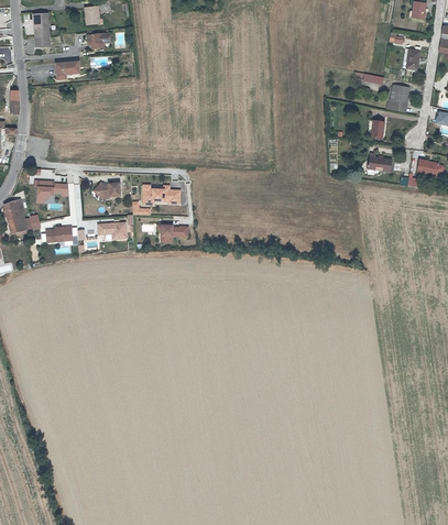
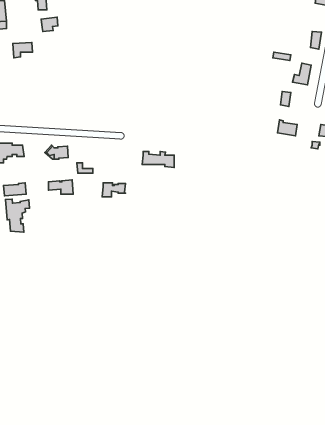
building: [142,185,179,204] -> [142,151,174,167]
building: none -> [5,199,30,232]

